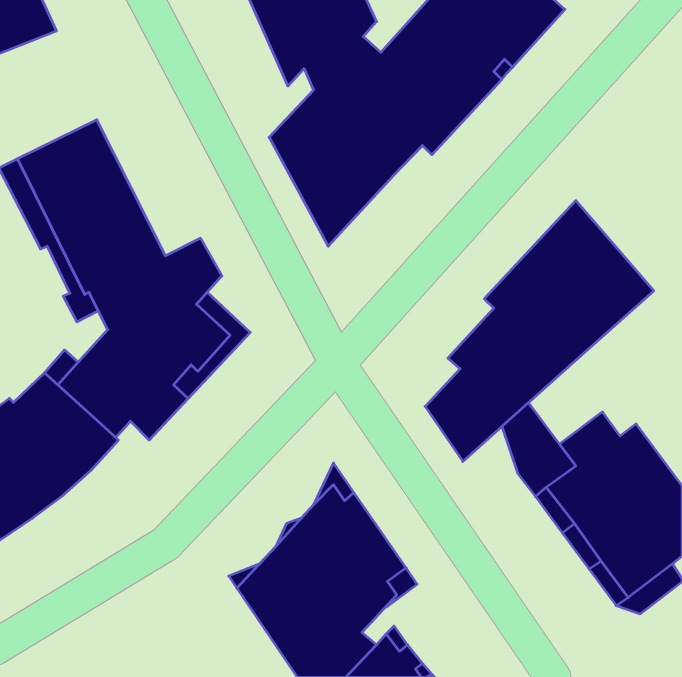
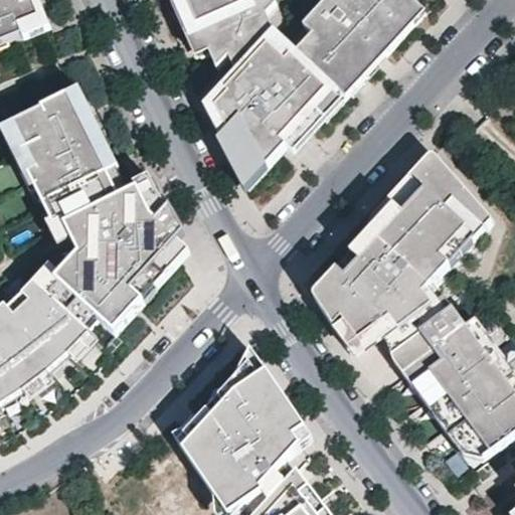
building: none -> [395,274,451,332]

